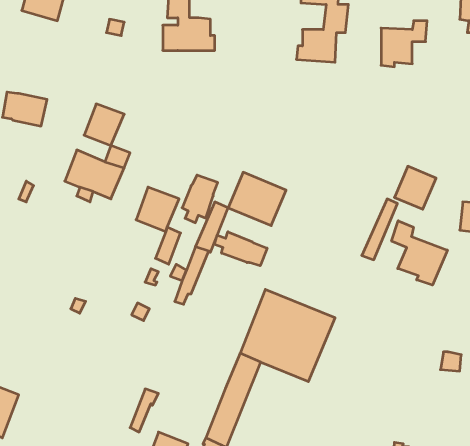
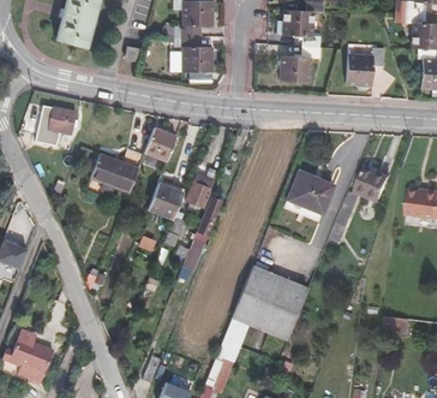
building: [84,104,124,145] -> [144,127,176,161]
building: [228,172,286,226] -> [287,171,334,214]
building: [392,221,447,285] -> none
building: [214,232,267,266] -> none

